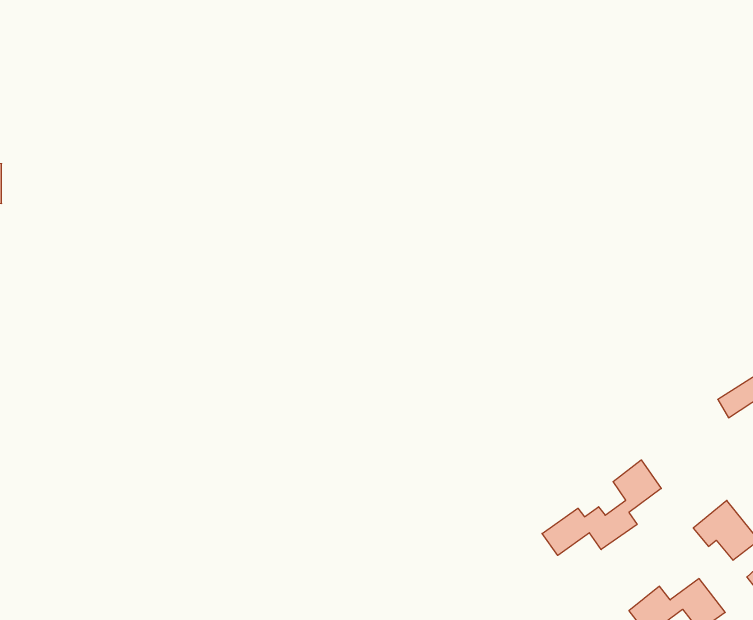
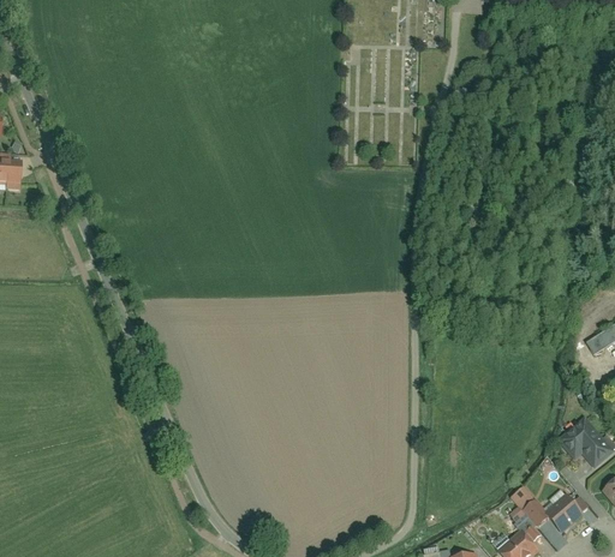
building: [542,460,661,555] -> none

